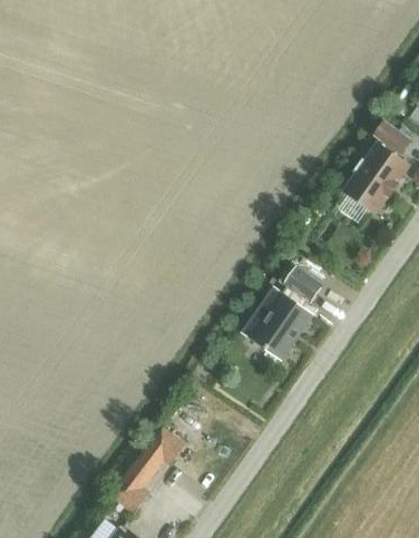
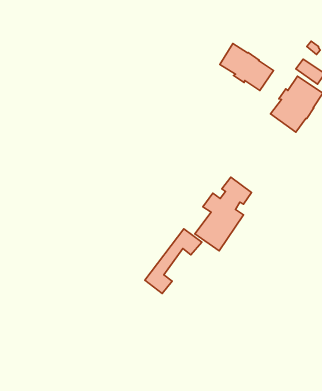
building: none -> [220,44,274,91]
building: [113,430,183,510] -> [145,229,202,294]

